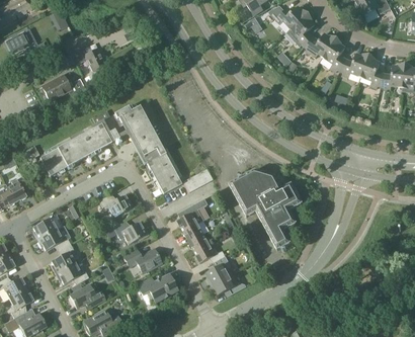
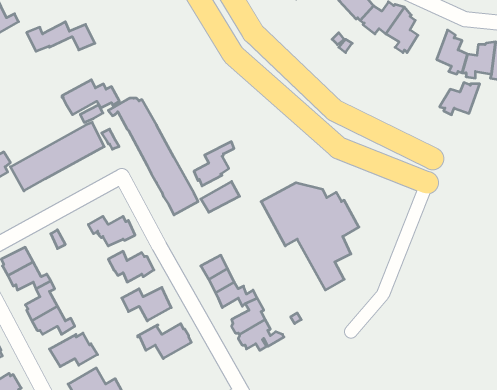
building: [339,53,369,77] -> [440,83,480,115]
building: [42,74,85,100] -> [62,80,119,115]
building: [177,198,208,232] -> [194,142,234,186]

